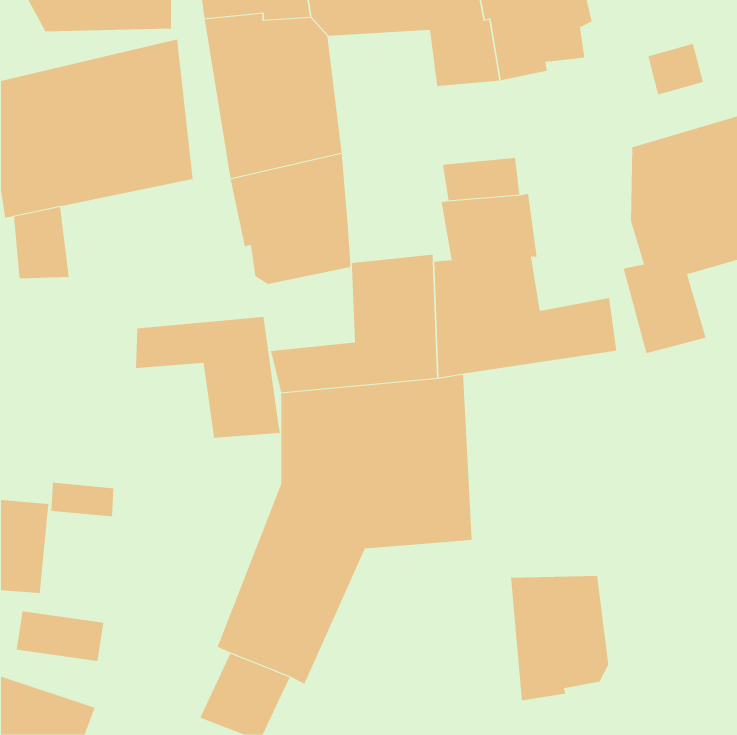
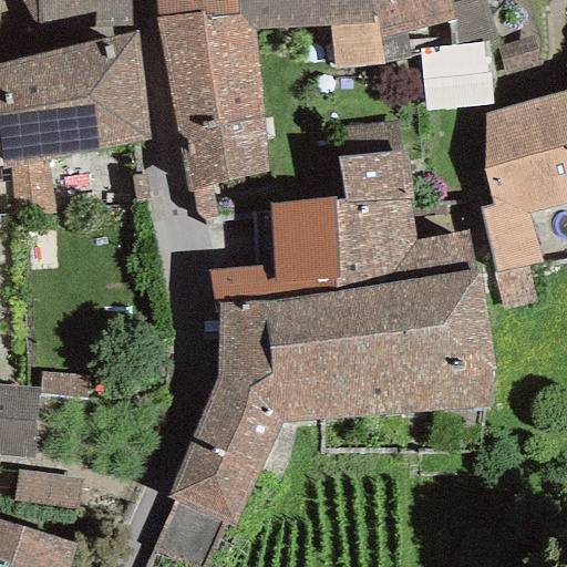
building: none -> [420,41,492,109]
building: [135,316,280,439] -> none
building: none -> [357,268,499,414]
building: [510,575,609,701] -> none

